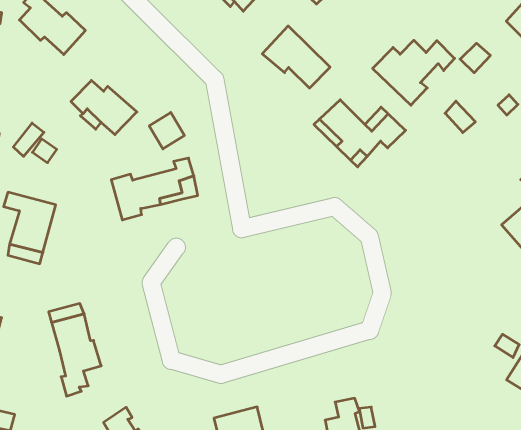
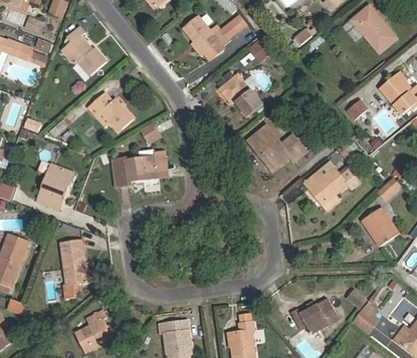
building: [373,40,455,105] -> [304,166,359,209]
building: none -> [291,298,339,333]

